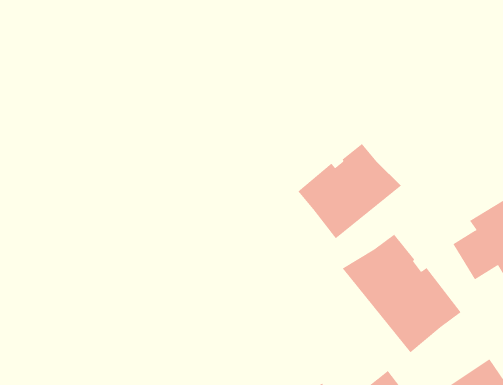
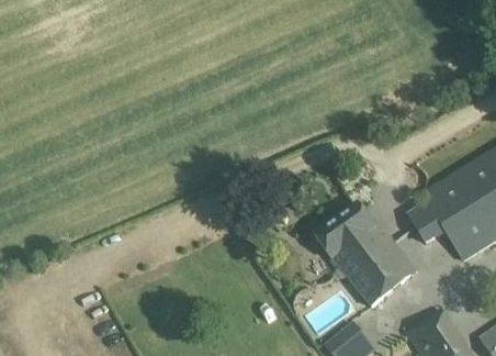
building: [297,143,402,239] -> none

